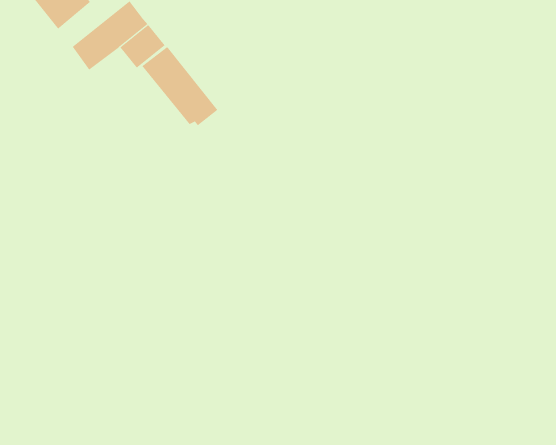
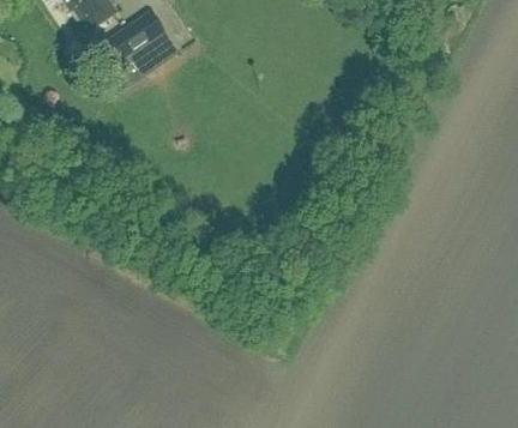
building: [141,46,218,126] -> none

